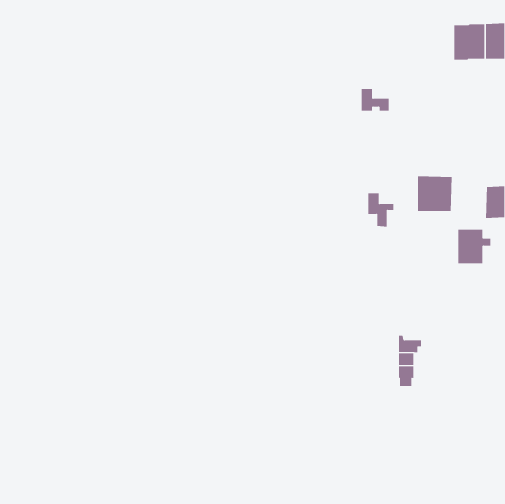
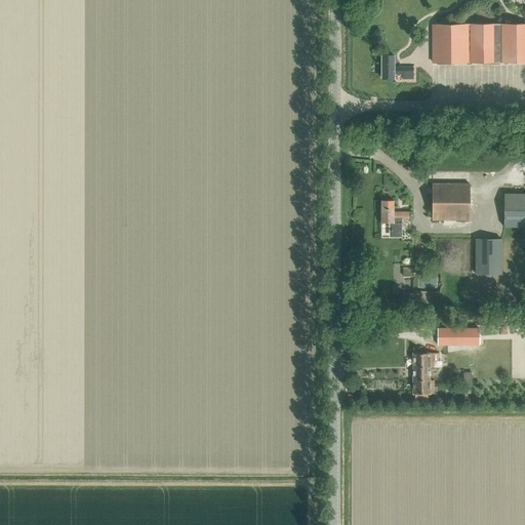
building: none -> [433,26,471,63]
building: [361,88,390,111] -> [383,55,413,79]
building: none -> [438,327,479,344]

